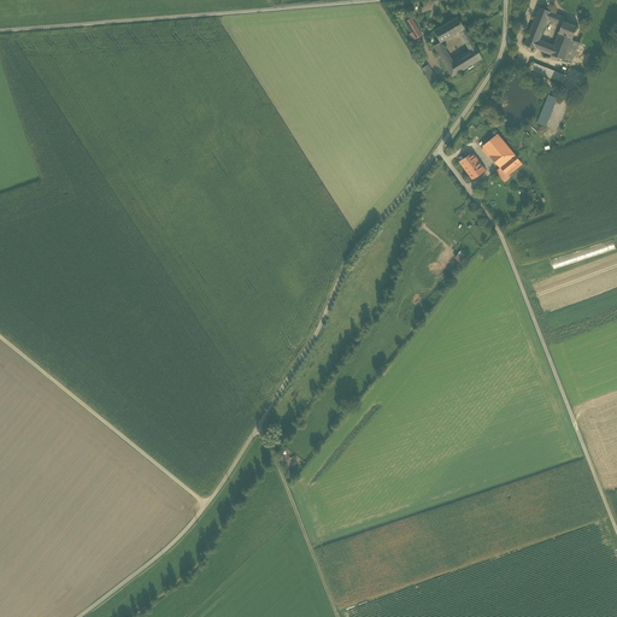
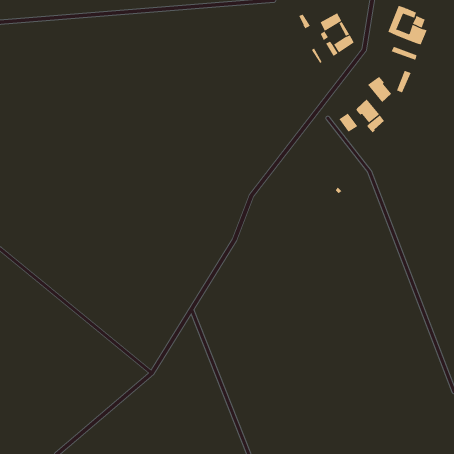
building: none -> [367,76,392,103]

